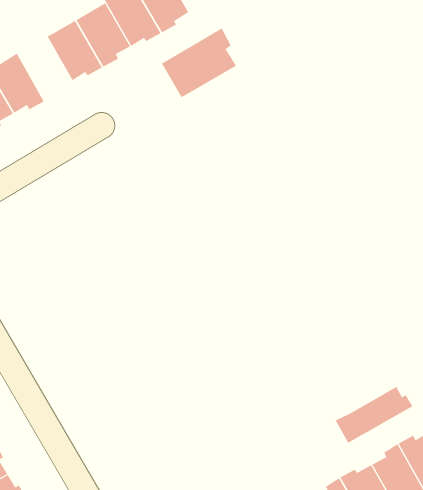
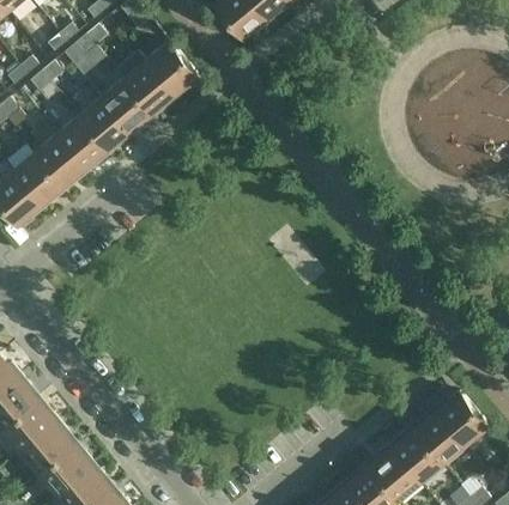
building: [161,27,237,98] -> none
building: none -> [56,115,107,170]
building: [335,386,413,444] -> none

